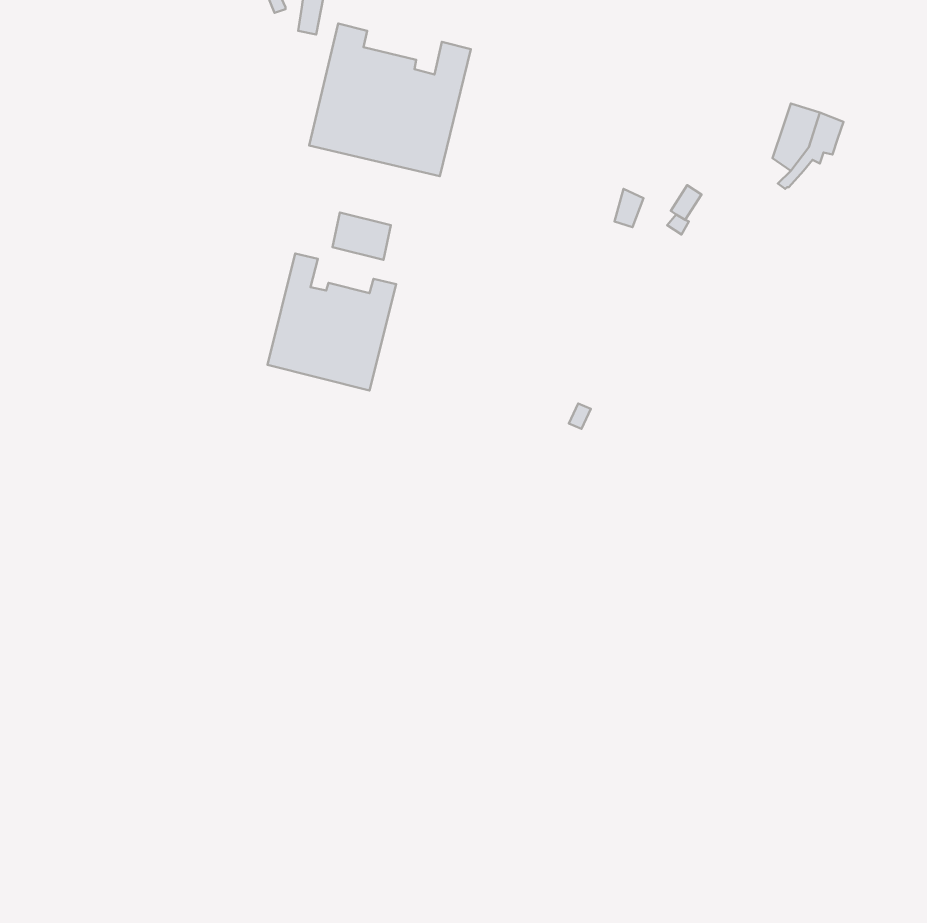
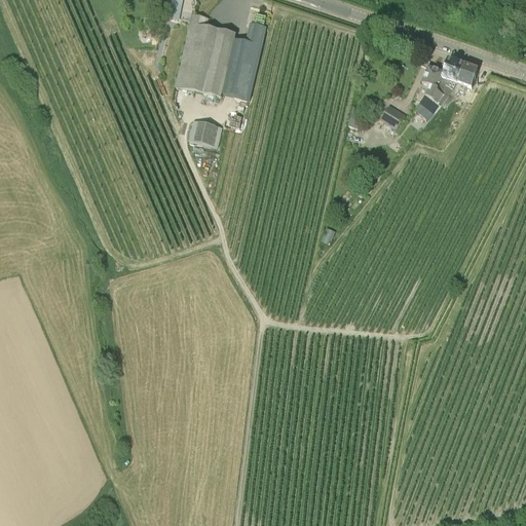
building: none -> [418,66,447,113]
building: [268,253,396,391] -> none

